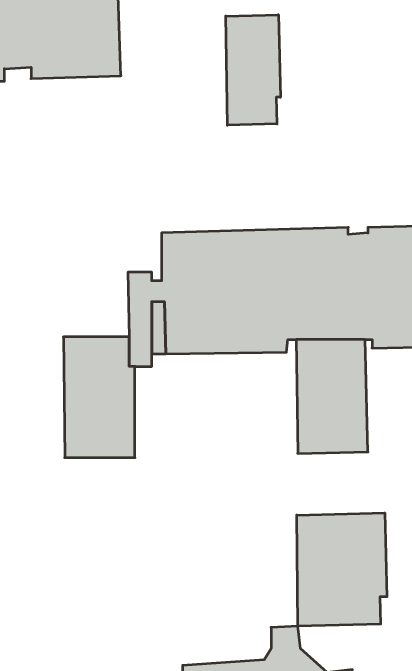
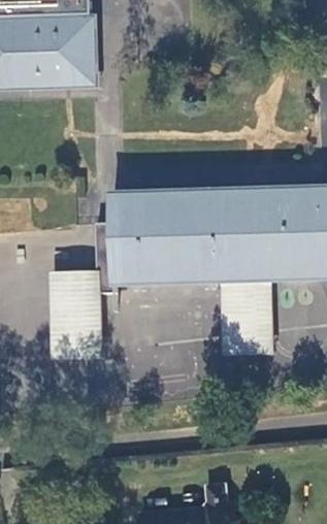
building: [226,15,280,125] -> none
building: [297,513,387,626] -> none

